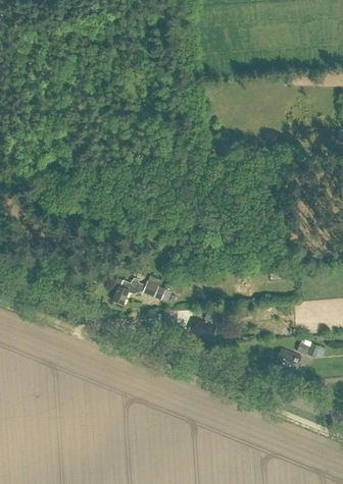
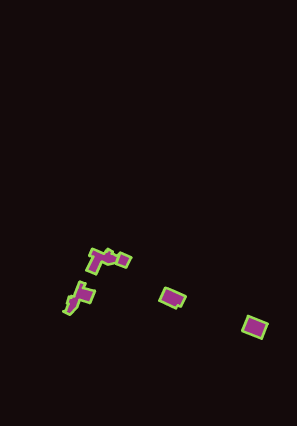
building: none -> [63,282,95,315]

